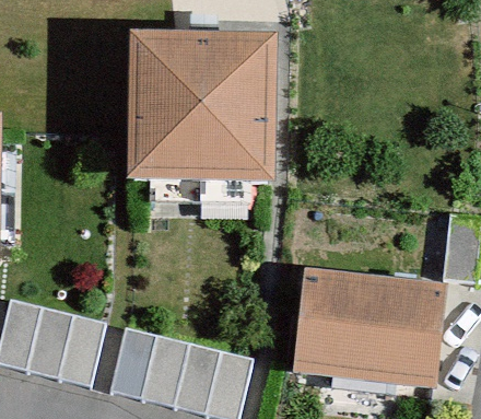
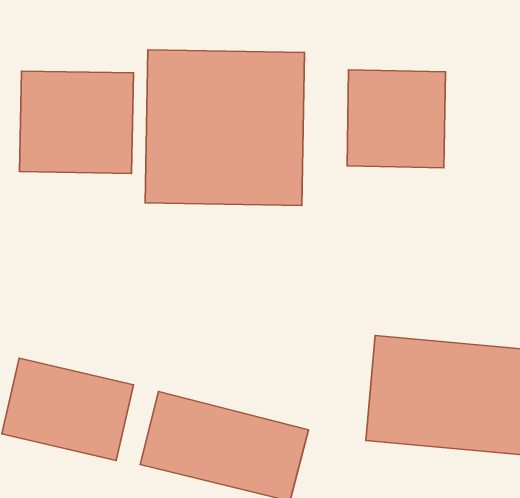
building: none -> [347,70,445,168]
building: none -> [20,71,134,174]

